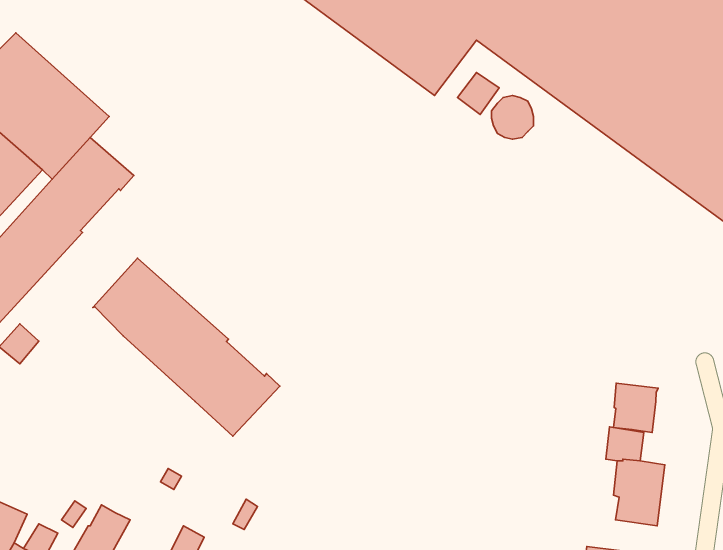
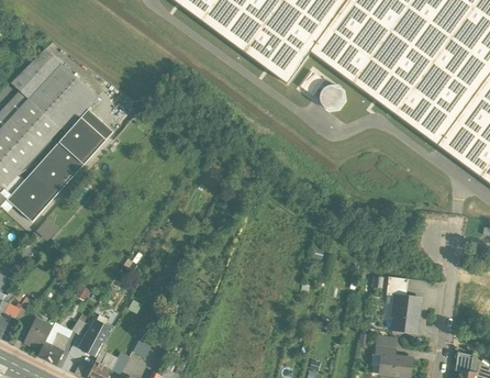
building: [93,258,280,436] -> none
building: [614,383,658,433] -> none

